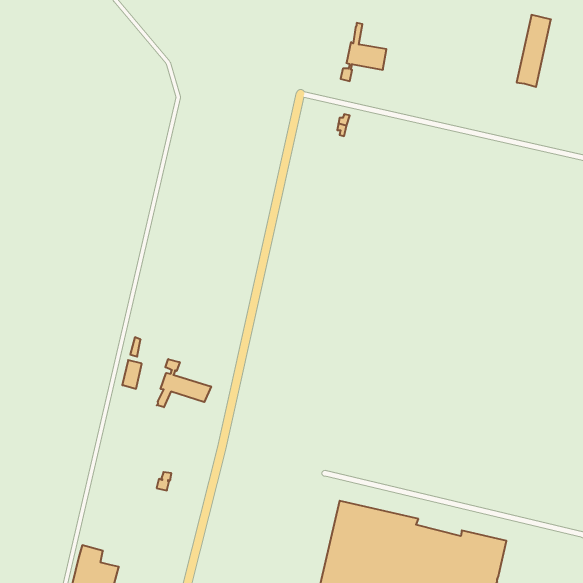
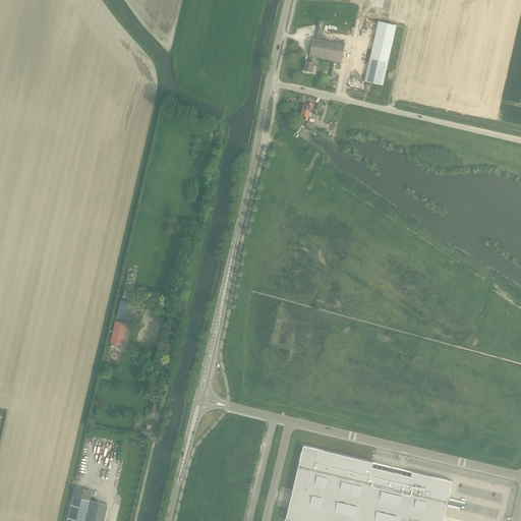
building: [517,15,551,87] -> [364,22,395,86]
building: [157,359,211,407] -> none

